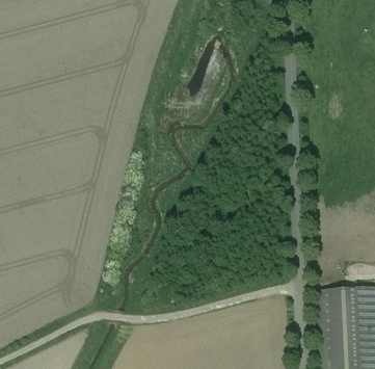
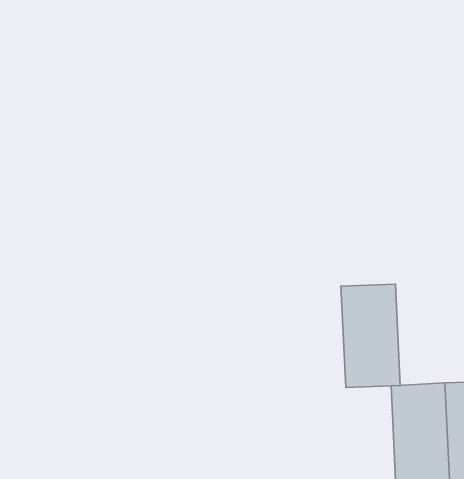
building: none -> [341,284,400,388]

